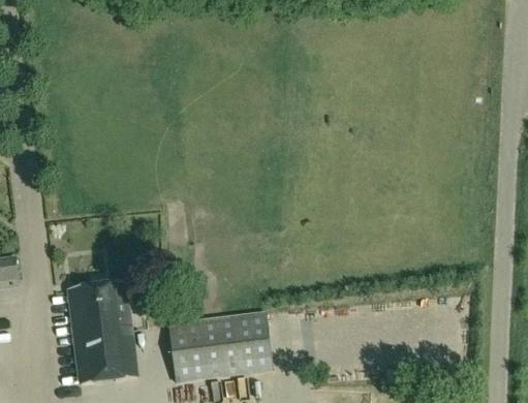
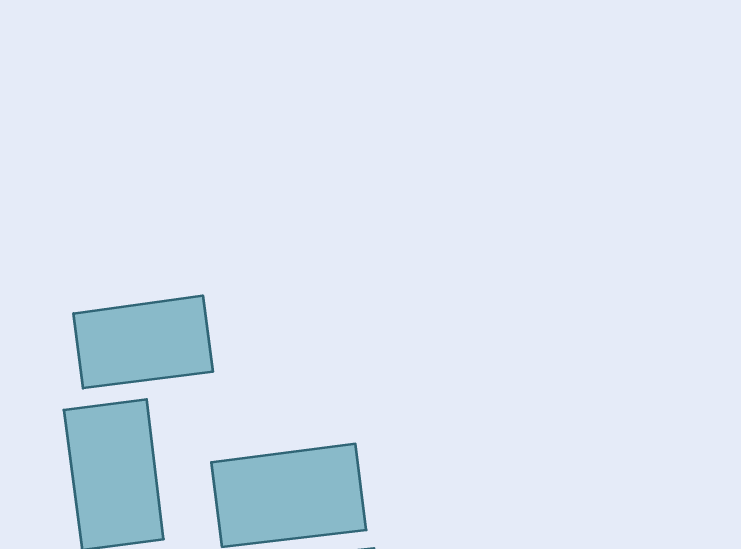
building: none -> [74,296,213,388]

